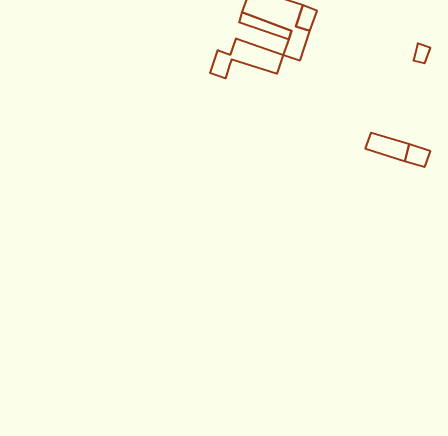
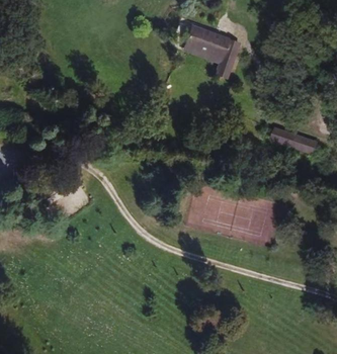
building: [210,38,283,78] -> none

